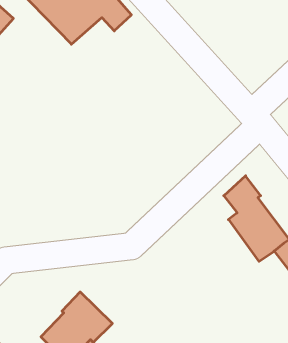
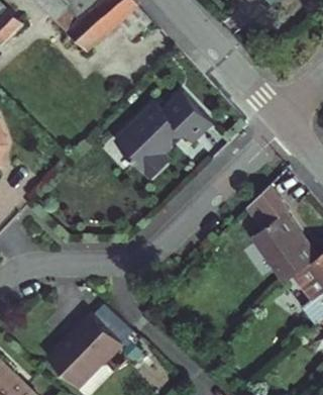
building: none -> [116,89,214,176]

